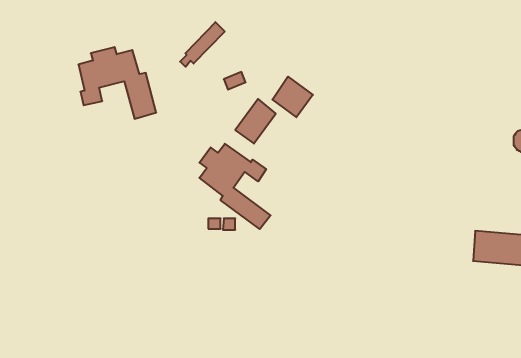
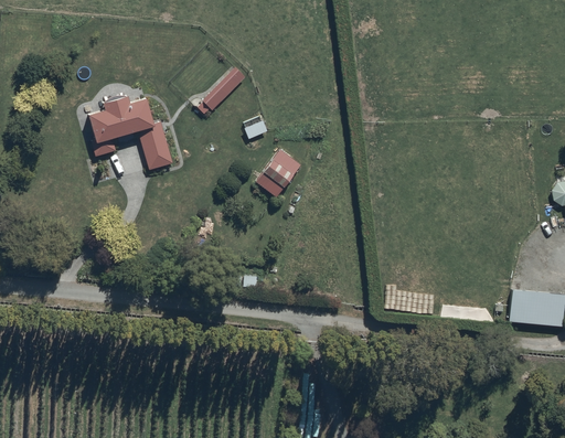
building: [272,77,313,117] -> none
building: [199,144,271,229] -> none

